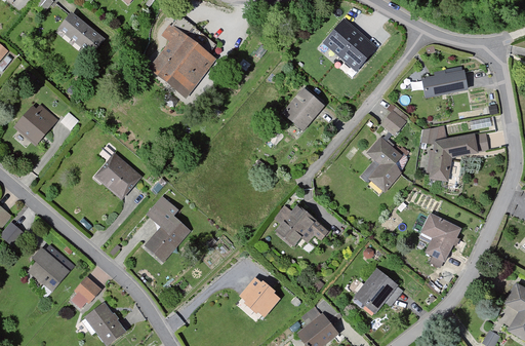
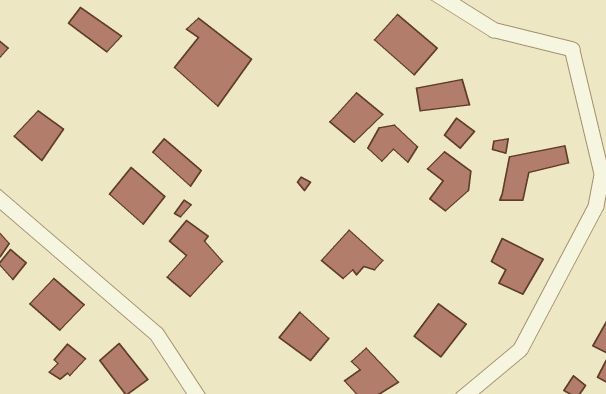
building: [420,68,466,94] -> [416,80,470,111]
building: none -> [368,125,418,162]
building: none -> [153,139,201,186]
building: [70,276,100,306] -> [49,344,85,379]

